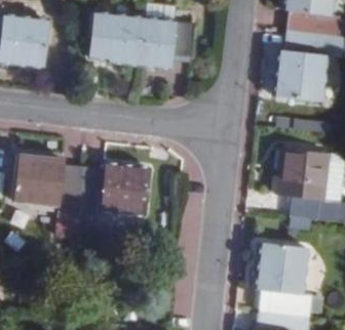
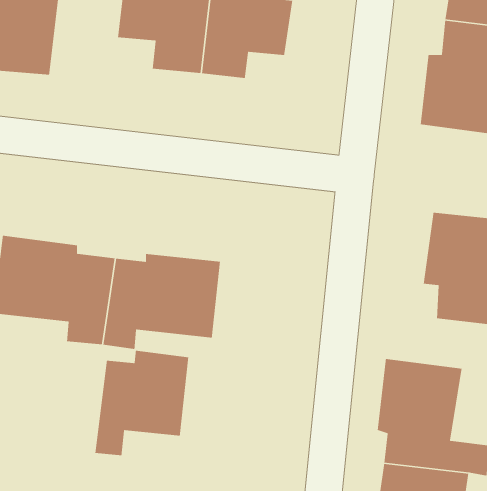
building: none -> [95,350,189,456]

